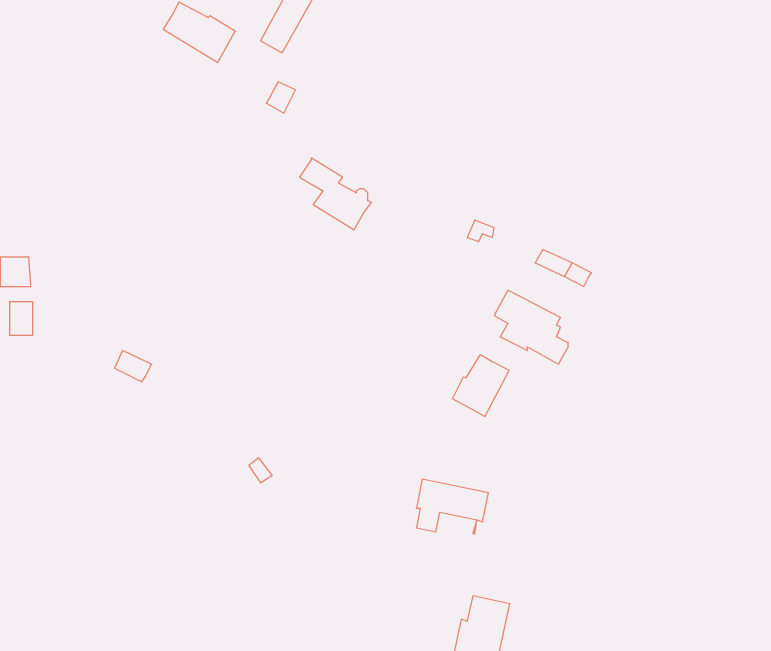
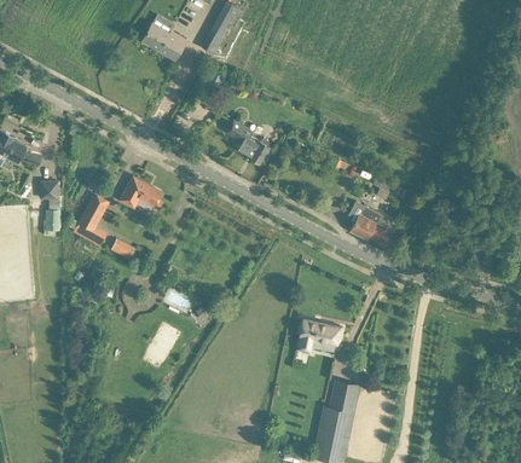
building: none -> [118,175,162,209]
building: none -> [76,193,109,232]
building: [453,355,509,417] -> none

